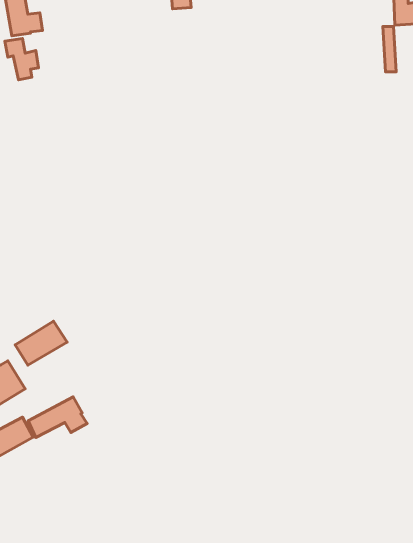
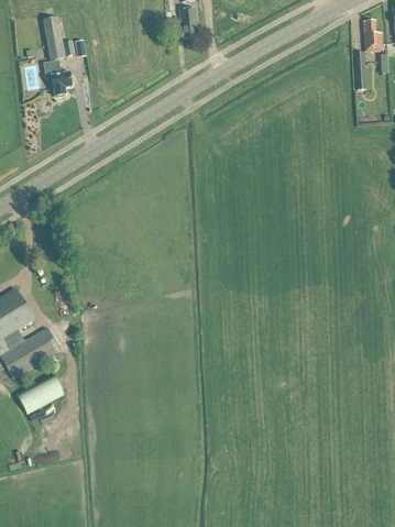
building: [15,321,67,365] -> none
building: [28,397,87,438] -> none

